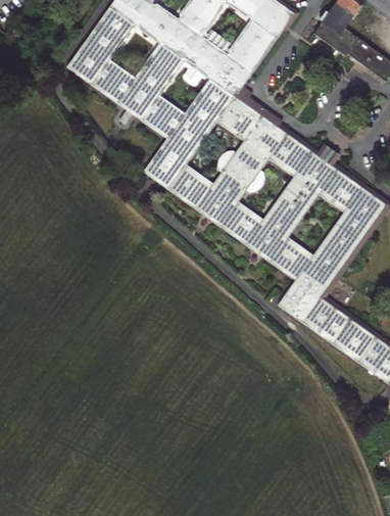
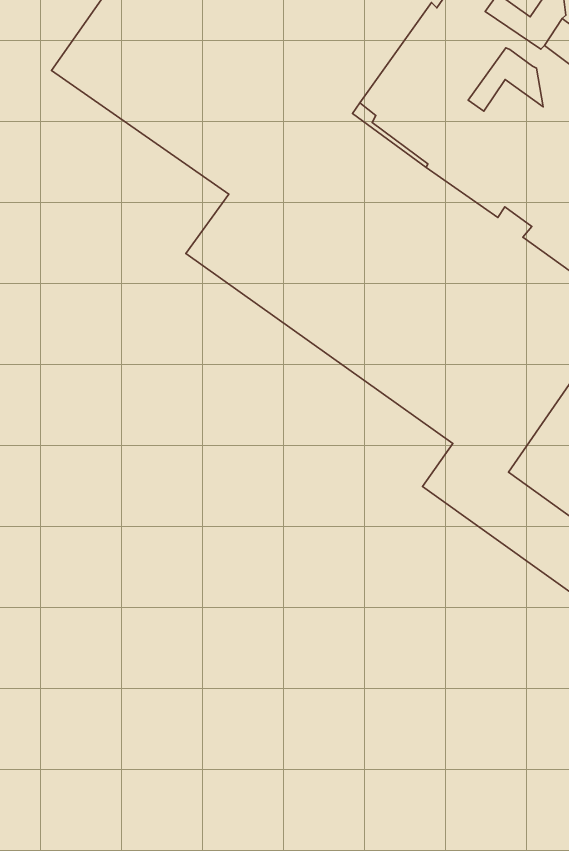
building: none -> [468,48,543,111]

